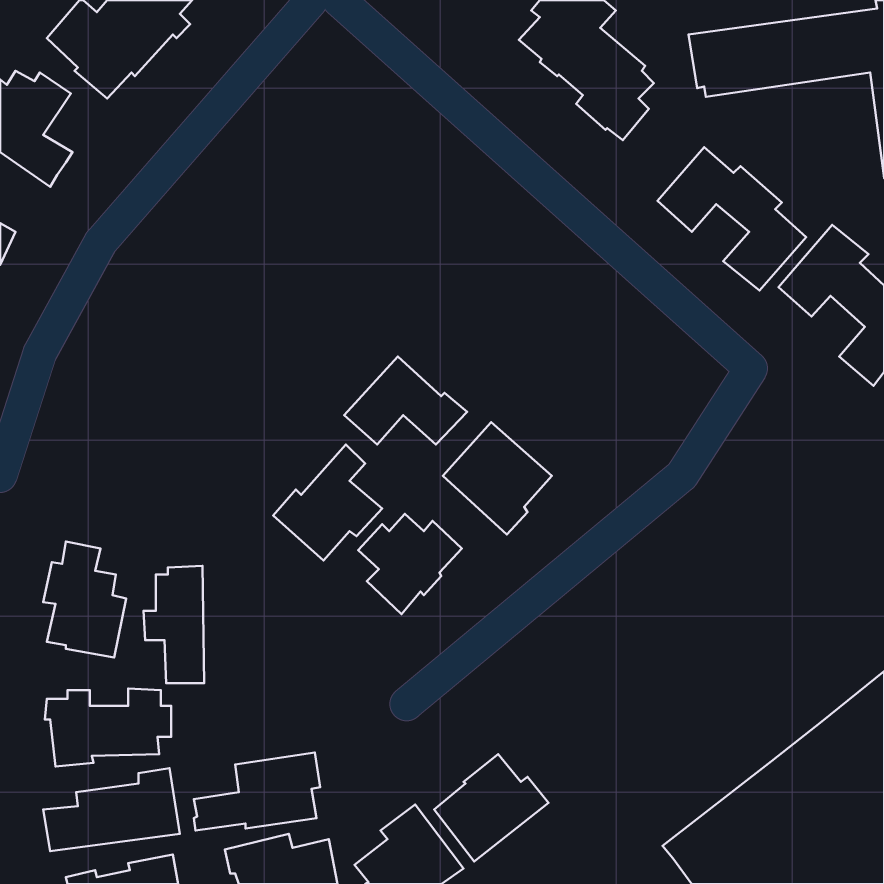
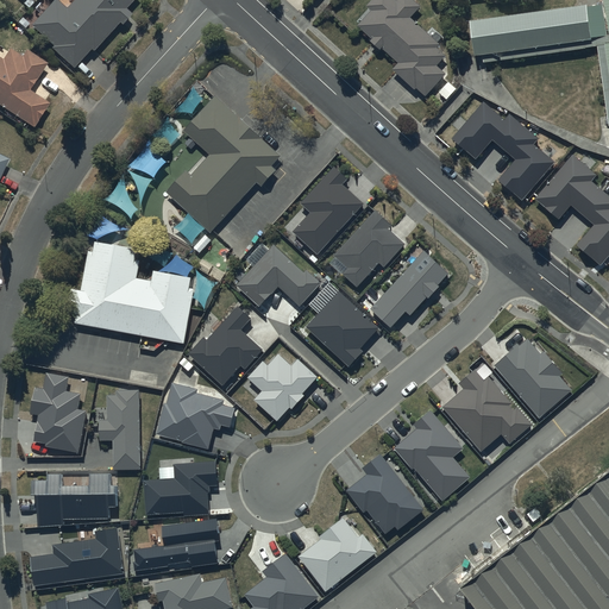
building: none -> [164,98,280,233]
building: none -> [291,167,363,255]
building: none -> [333,211,406,288]
building: none -> [69,246,195,346]
building: none -> [371,251,448,327]
building: none -> [495,339,572,417]
building: none -> [442,370,534,452]
building: none -> [156,383,234,448]
building: none -> [394,410,470,502]
building: none -> [346,454,425,534]
building: none -> [144,460,218,516]

